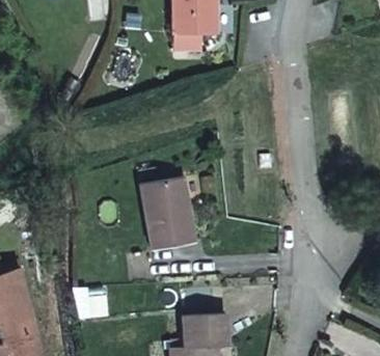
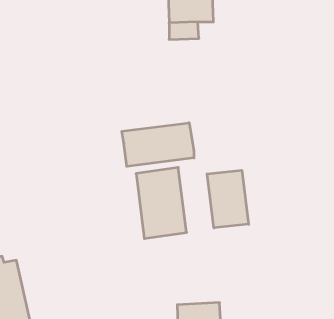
building: none -> [122,123,194,166]
building: none -> [207,170,249,228]

